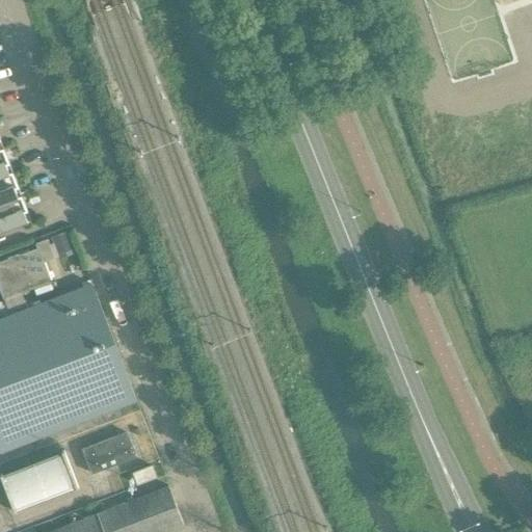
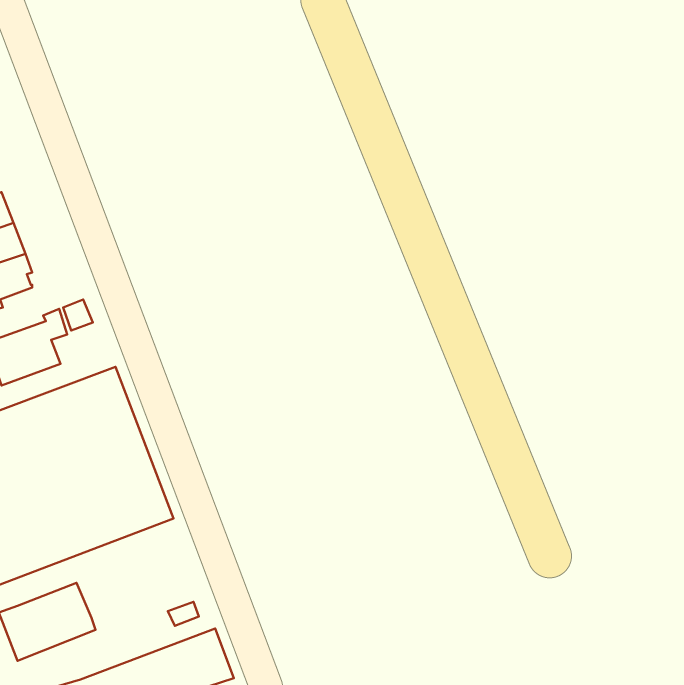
building: [81,433,133,473] -> none

